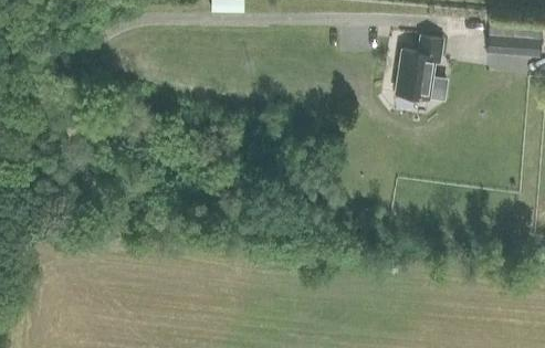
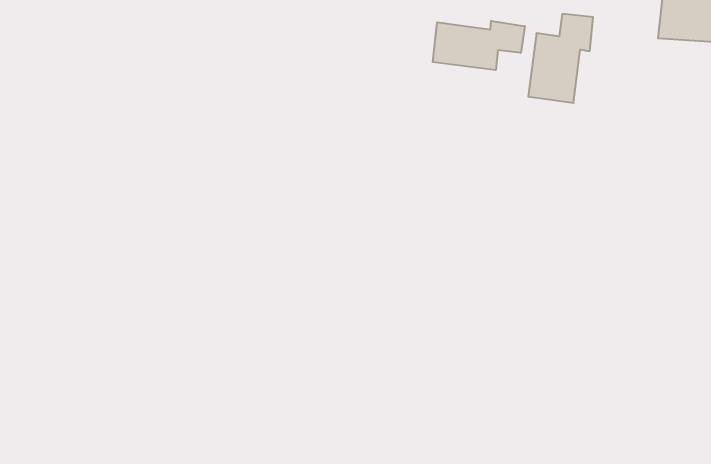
building: none -> [433,21,525,70]

